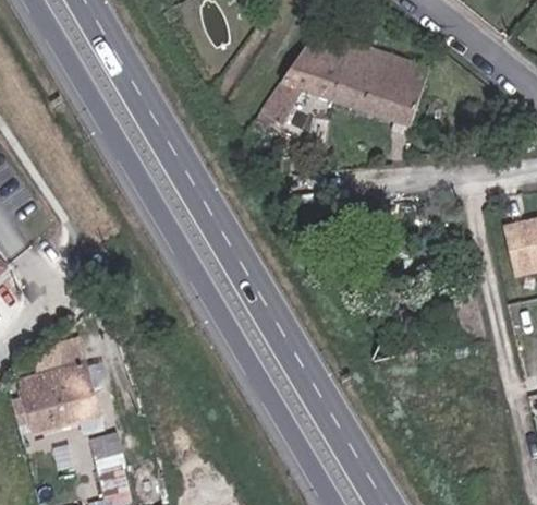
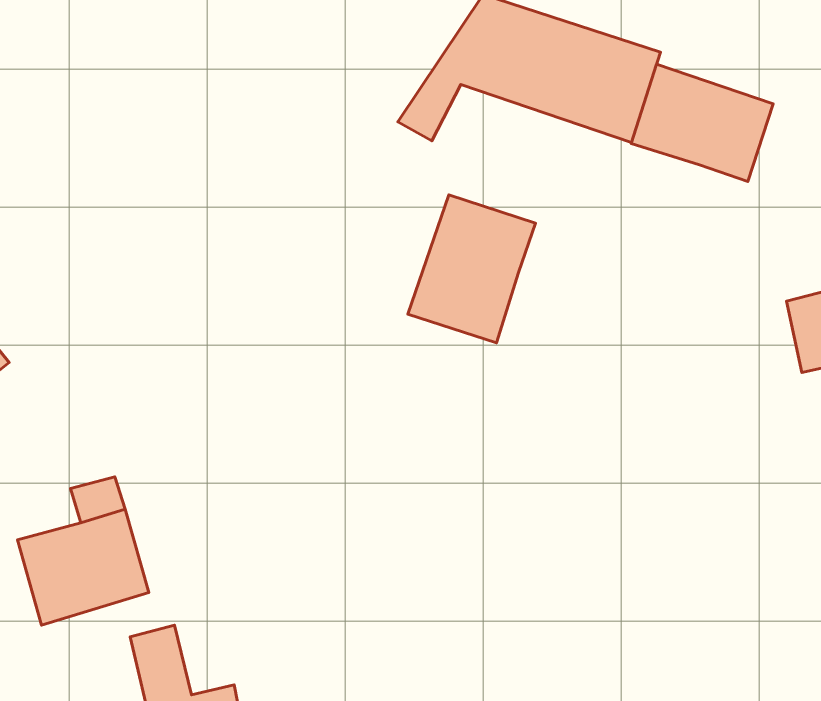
building: none -> [631,64,773,181]
building: none -> [408,195,536,343]

